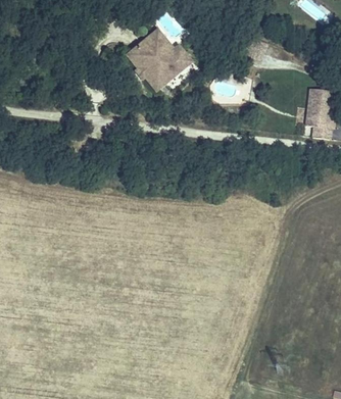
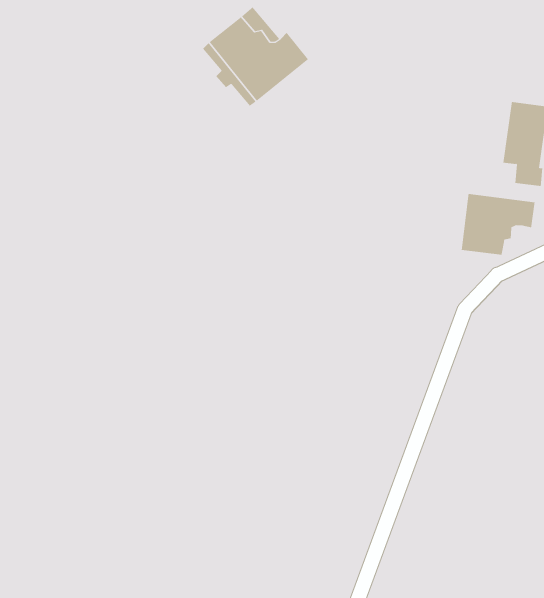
building: none -> [461,193,535,256]

